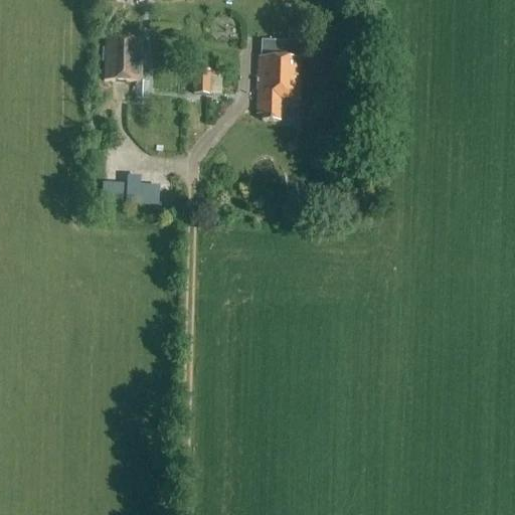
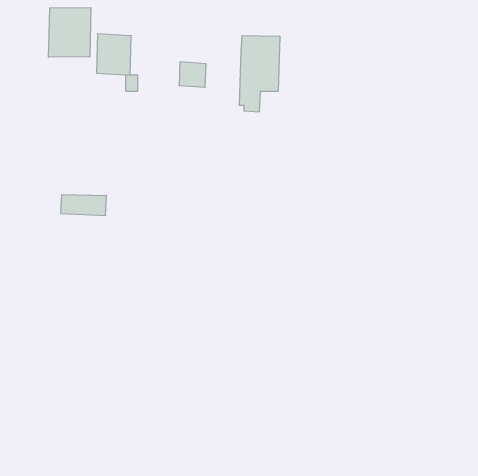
building: none -> [49,8,91,57]
building: [109,179,158,201] -> [61,195,107,215]

